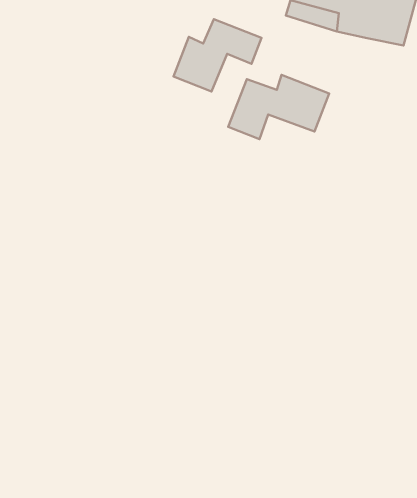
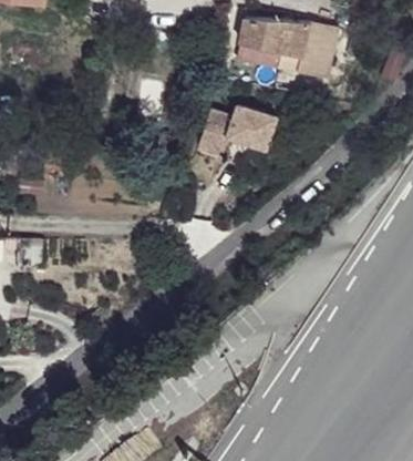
building: [173,19,261,92] -> none

